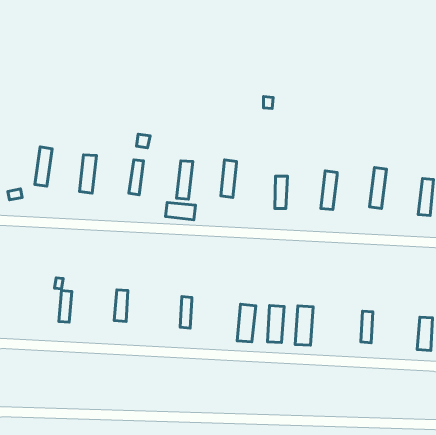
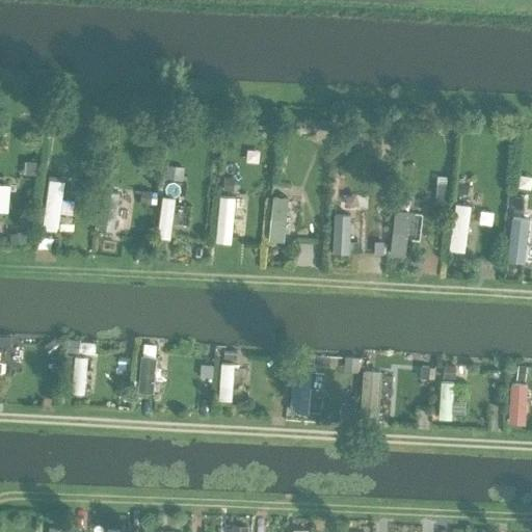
building: [166,203,195,220] -> none
building: [268,305,284,343] -> none

